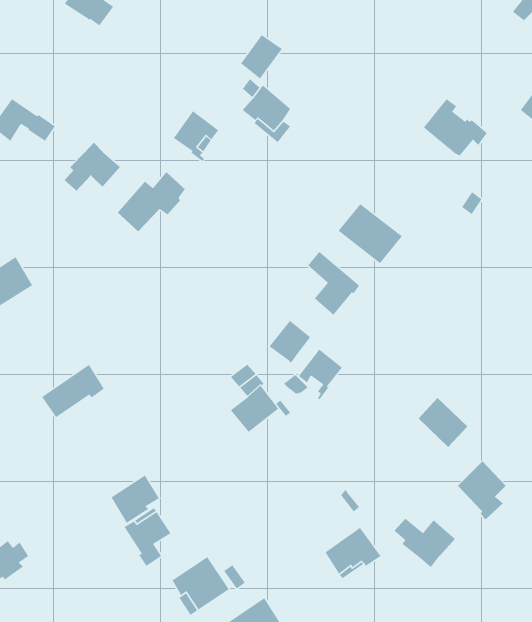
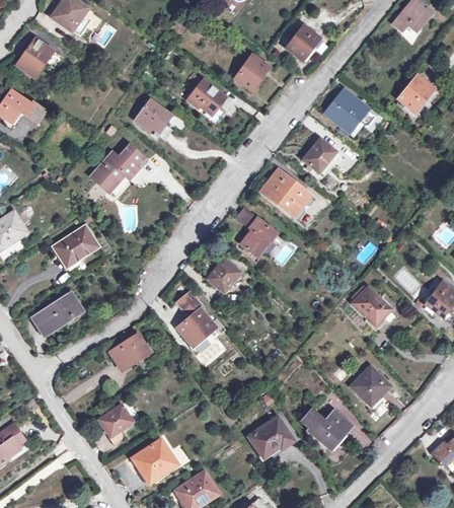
building: none -> [285,26,319,61]
building: none -> [16,38,59,77]
building: [240,34,283,79] -> [235,56,268,90]
building: [64,142,121,191] -> none
building: none -> [302,138,334,172]
building: none -> [53,225,98,265]
building: [298,348,343,400] -> none
building: [418,397,468,448] -> [352,286,390,324]
building: [111,475,160,524] -> [109,333,147,370]

